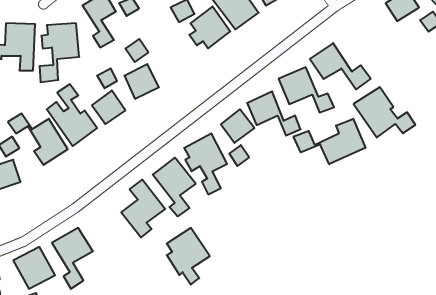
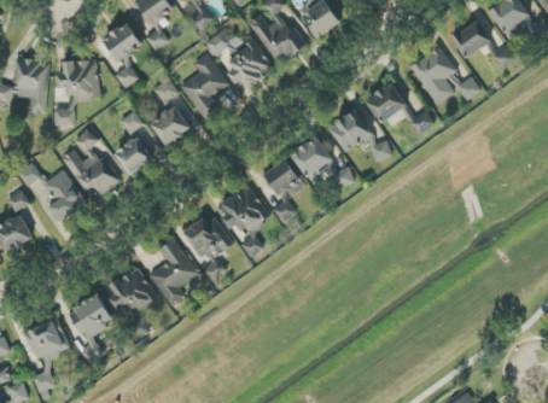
building: none -> [180,53,227,118]
building: [354,87,415,138] -> [409,47,480,105]
building: [294,119,365,164] -> none
building: [167,228,210,285] -> [109,267,158,332]

